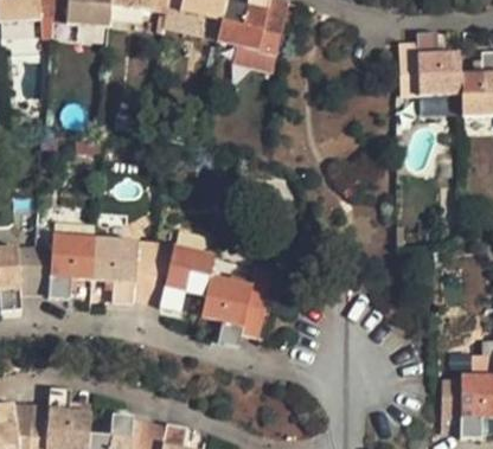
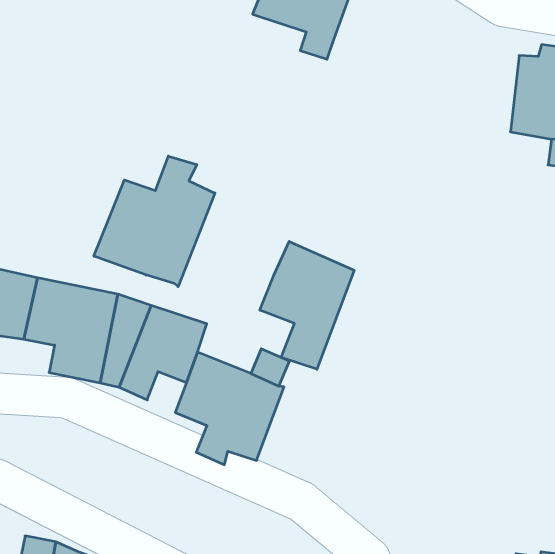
building: none -> [94,156,215,287]
building: none -> [260,241,354,369]

